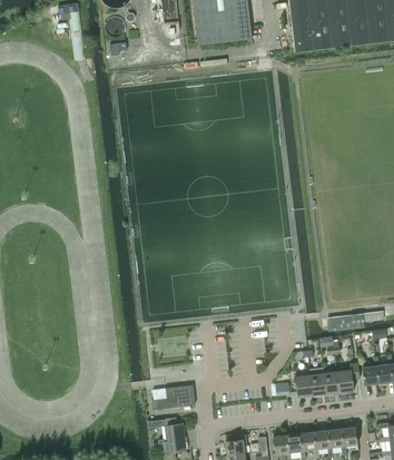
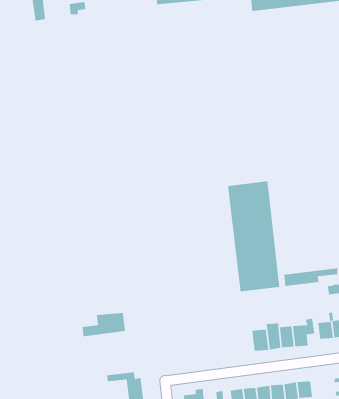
building: none -> [228,180,280,292]
building: [151,385,196,410] -> [82,313,126,337]

